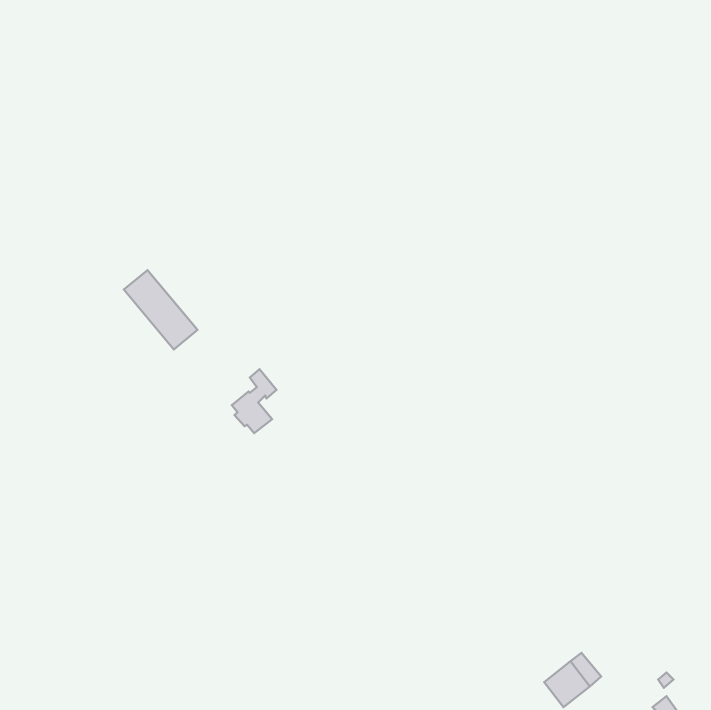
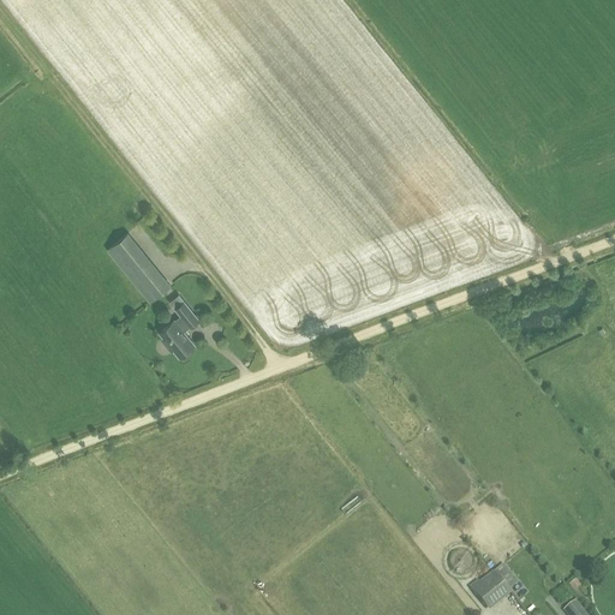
building: [232,369,276,433] -> [160,303,198,358]

